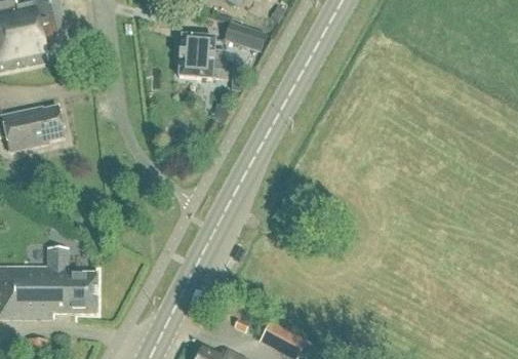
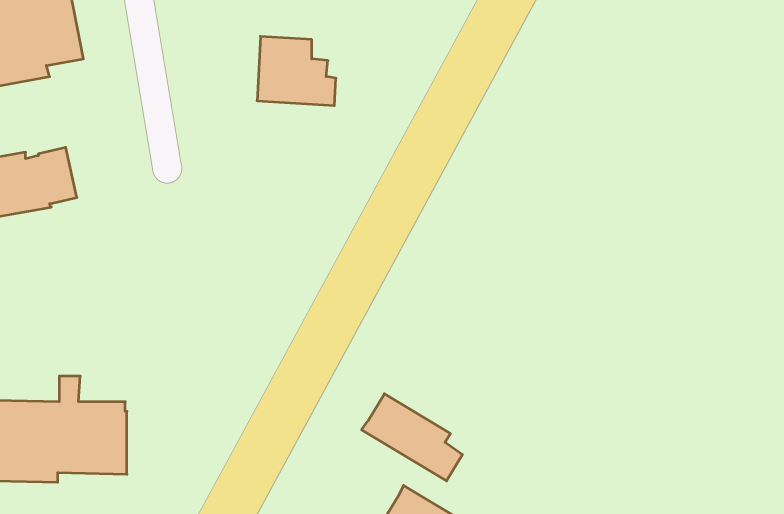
building: [224,22,267,51] -> none
building: none -> [362,394,462,481]

